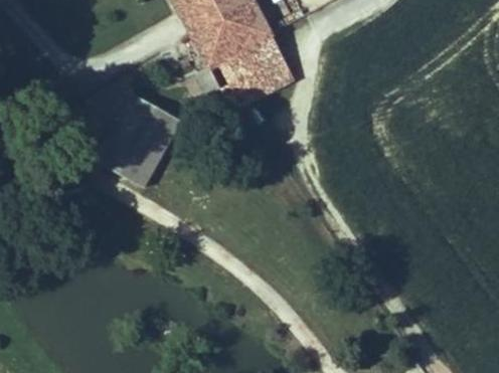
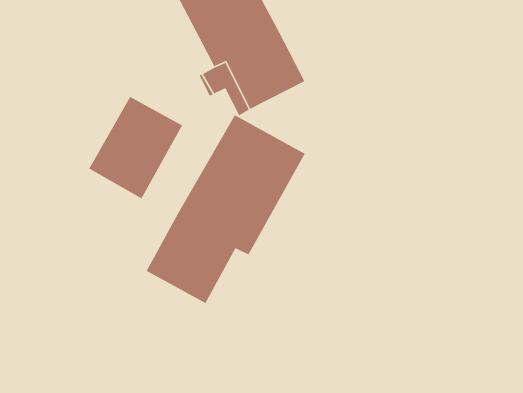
building: none -> [145,114,306,304]

